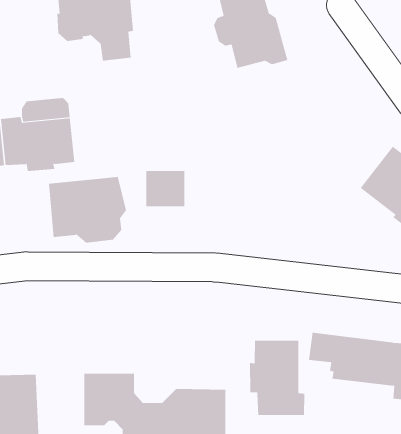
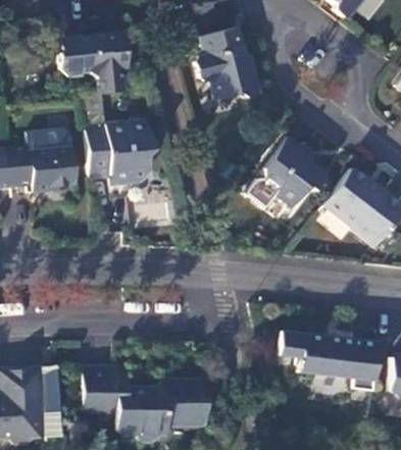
building: none -> [247,137,330,209]
building: [48,176,127,243] -> [87,123,155,182]
building: [249,340,305,416] -> none

